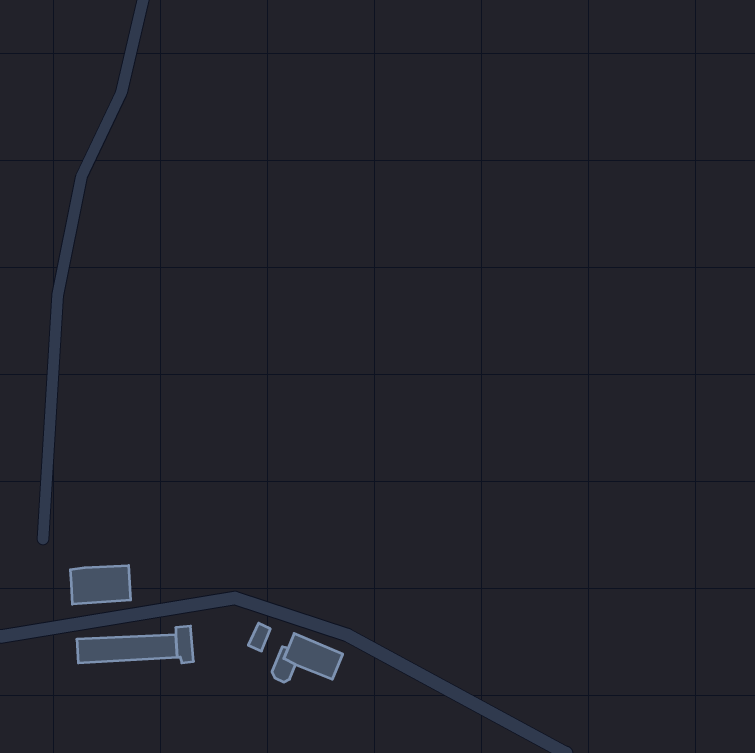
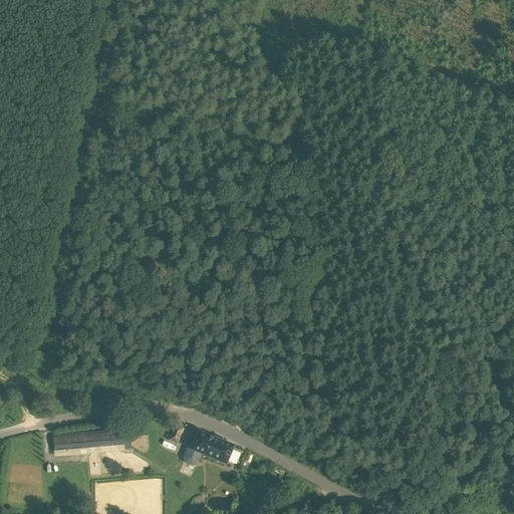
building: [70,565,131,604] -> none

